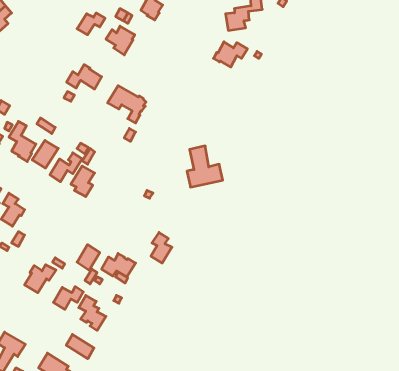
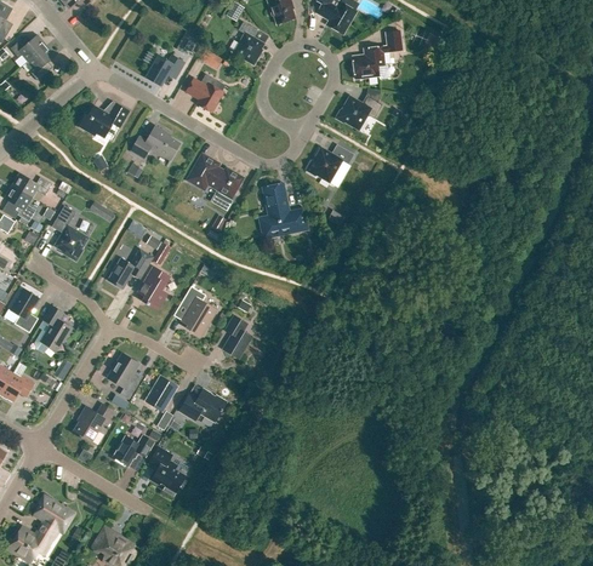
building: none -> [79,102,130,137]
building: none -> [306,144,353,182]
building: [32,140,58,168] -> none
building: [187,146,223,187] -> [258,182,308,239]
building: none -> [181,286,217,336]
building: none -> [108,353,139,399]
building: [151,232,172,263] -> [223,315,252,358]
building: [66,334,94,359] -> none

